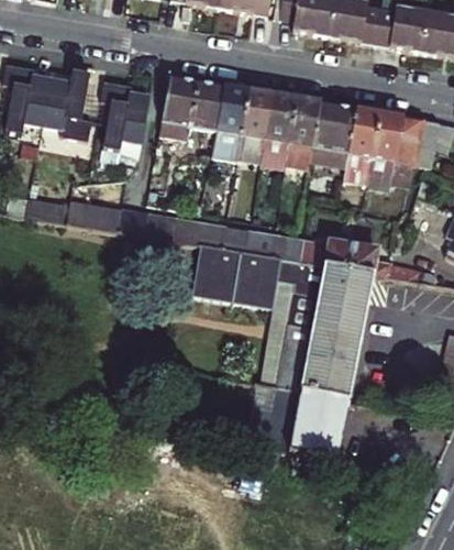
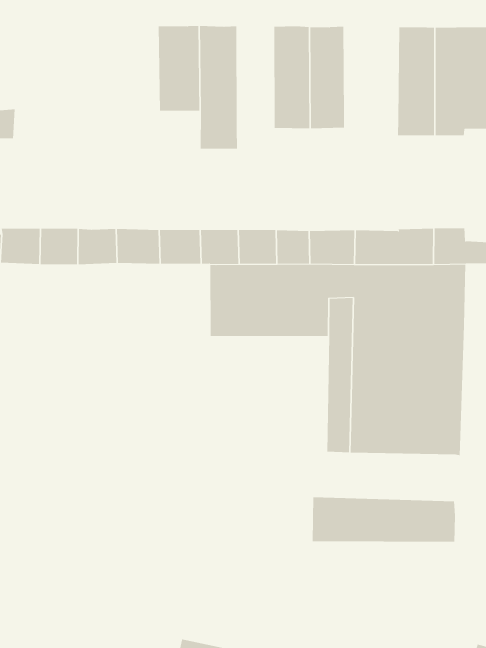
building: [159,75,197,141] -> none
building: [101,80,150,151] -> none
building: [239,89,274,162] -> none
building: [311,101,357,169] -> none
building: [247,383,347,431] -> none

